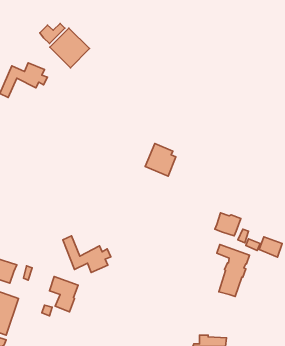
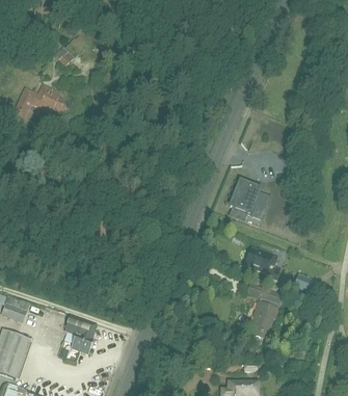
building: [50,28,89,68] -> none
building: [145,143,176,176] -> [230,180,263,215]
building: [63,236,111,272] -> none

